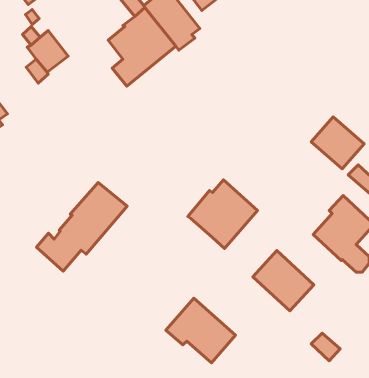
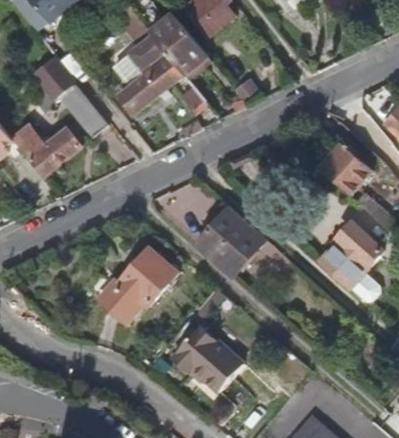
building: none -> [59,84,108,137]
building: none -> [14,125,81,174]
building: [36,182,127,271] -> [85,250,176,339]
building: [253,251,314,311] -> none

